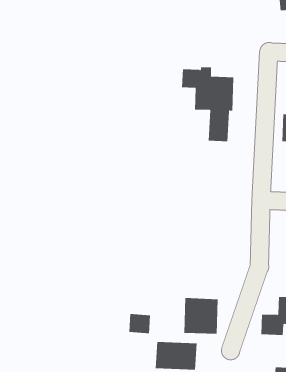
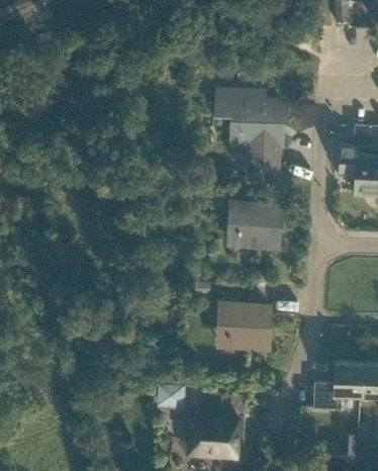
building: none -> [237,203,281,249]
building: [184,298,218,334] -> [227,304,269,348]

